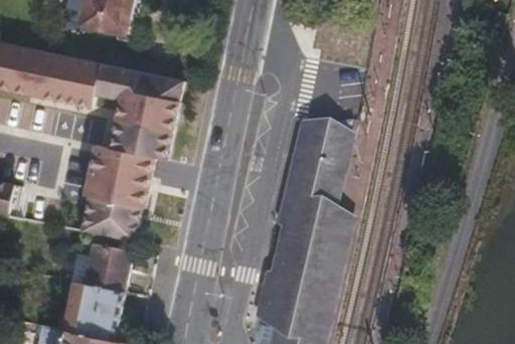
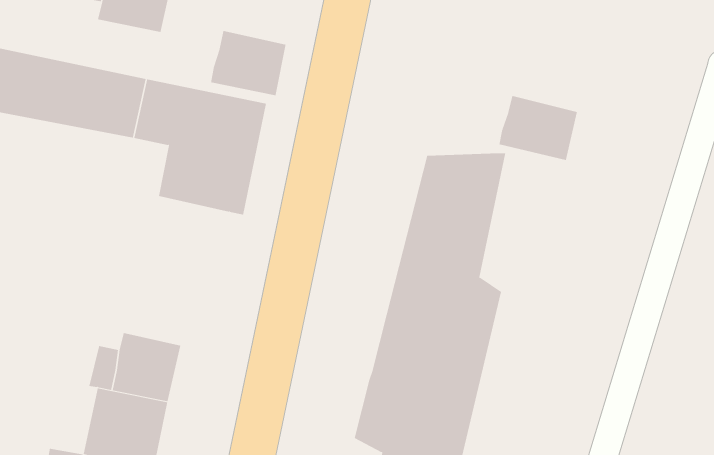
building: none -> [211,30,286,96]
building: none -> [499,95,577,161]
building: [84,144,166,243] -> none

